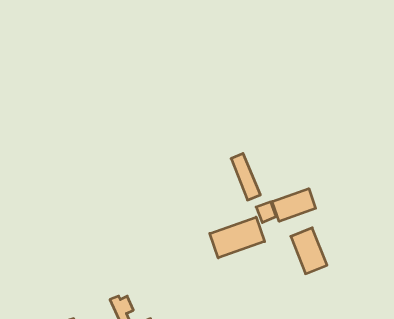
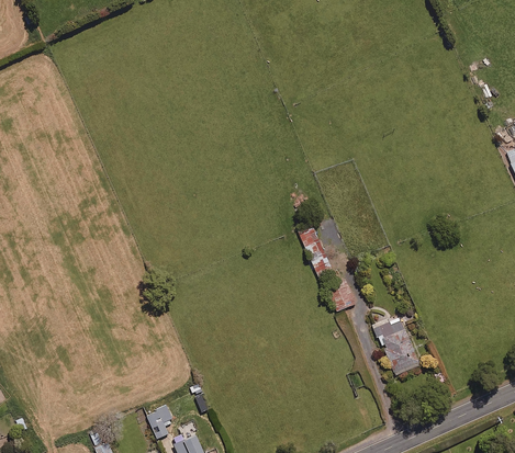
building: [272,189,316,221] -> none
building: [210,217,265,258] -> none

